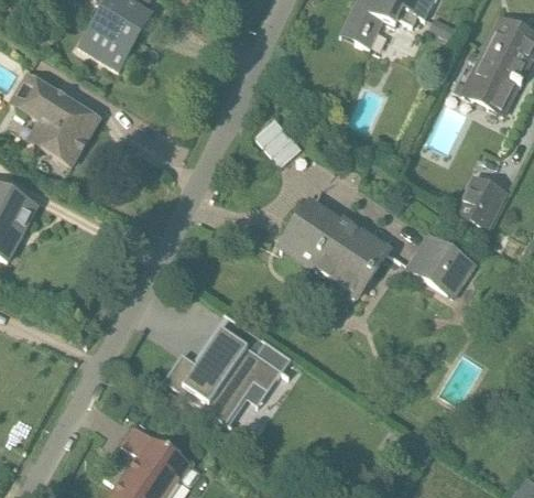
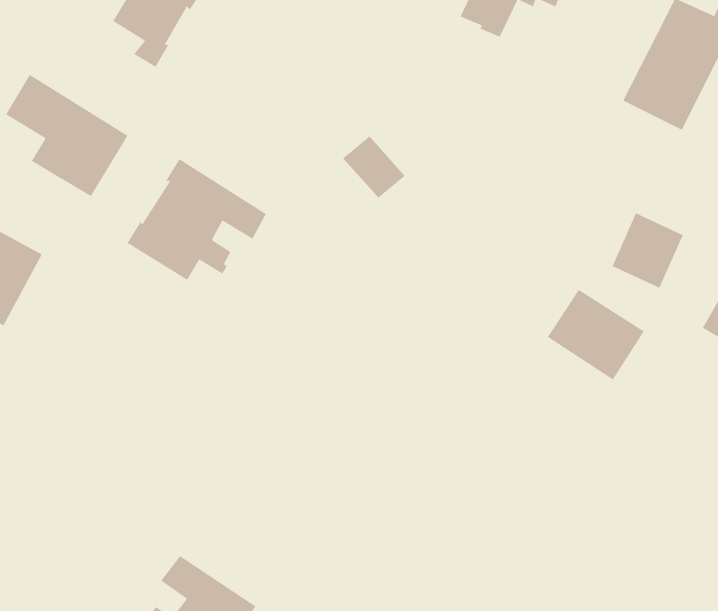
building: none -> [126,158,267,281]
building: [284,199,392,294] -> none
building: [154,327,290,425] -> none

